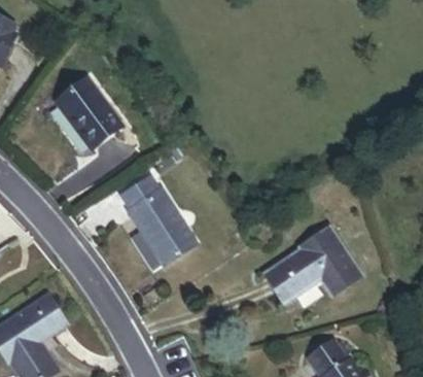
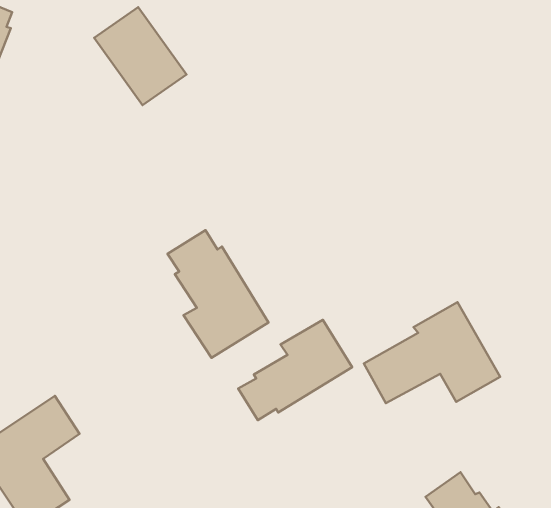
building: [59,77,124,146] -> [94,7,187,105]
building: none -> [238,320,352,420]

